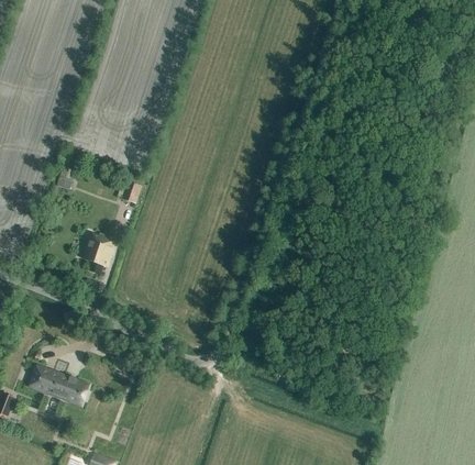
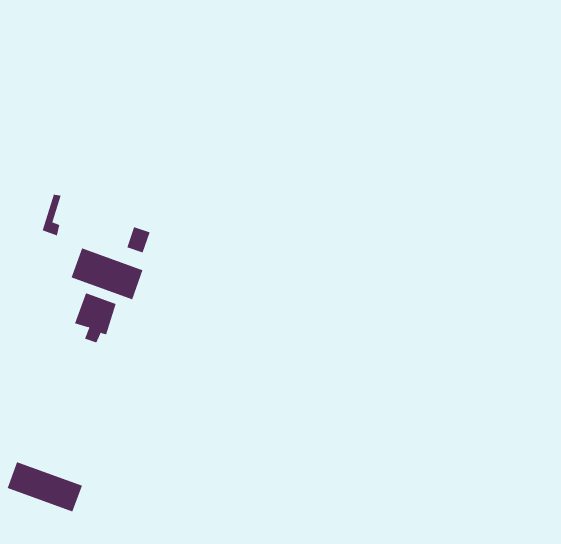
building: none -> [71,247,143,300]

